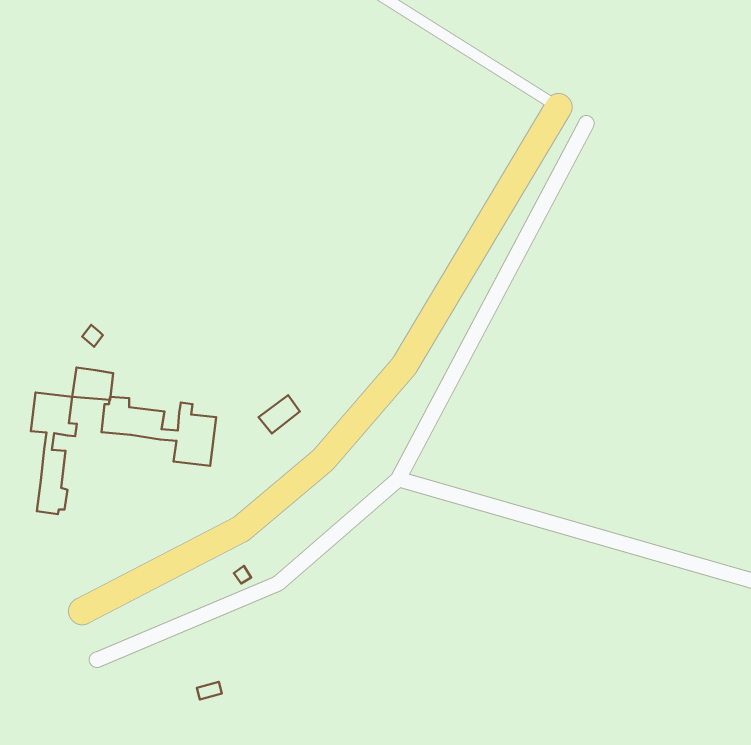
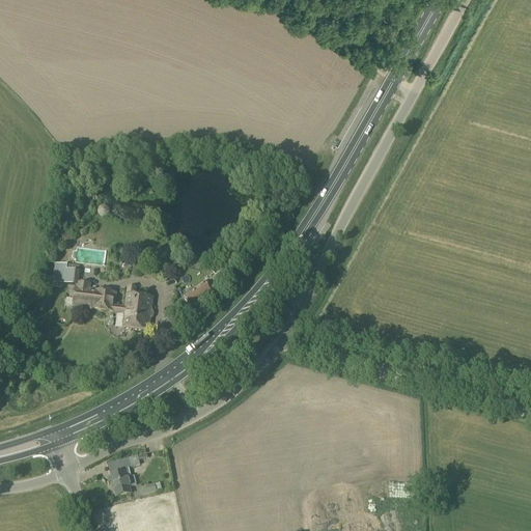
building: [31,392,77,514] -> none
building: none -> [107,451,147,495]

